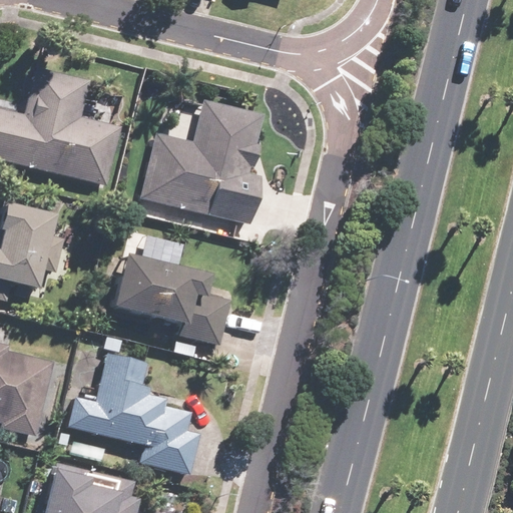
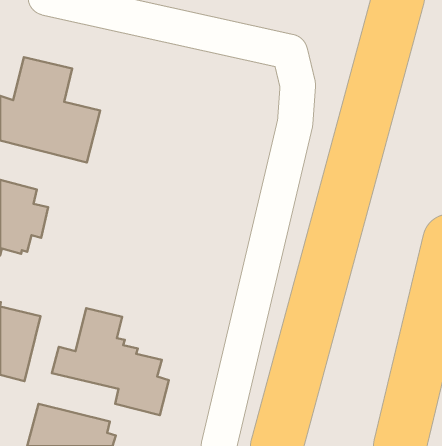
building: [141,99,264,224] -> none
building: [106,253,230,345] -> none

